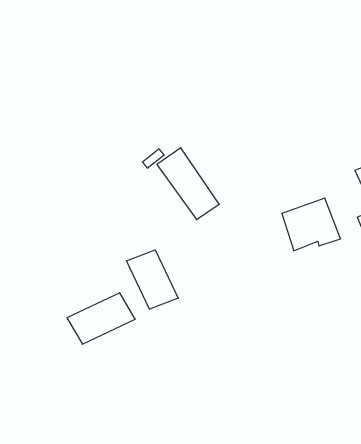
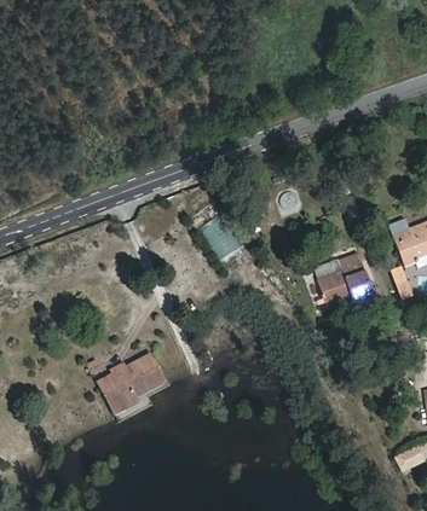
building: [126,250,178,309] -> none

